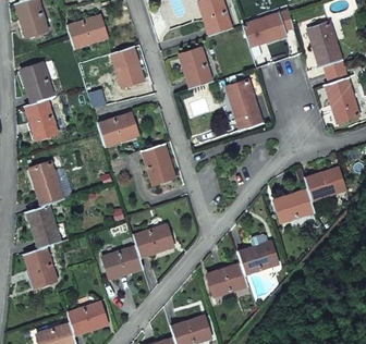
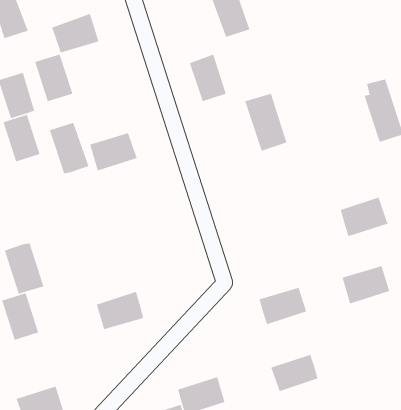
building: [243,10,294,46] -> none
building: [307,23,343,73] -> none
building: [110,46,143,86] -> [34,53,73,102]
building: [142,144,174,184] -> none
building: [29,162,63,206] -> [49,122,90,174]
building: [274,189,315,222] -> [342,265,390,305]
building: [133,223,173,256] -> none
building: [207,263,247,295] -> [270,354,319,392]
building: [66,303,106,334] -> none

